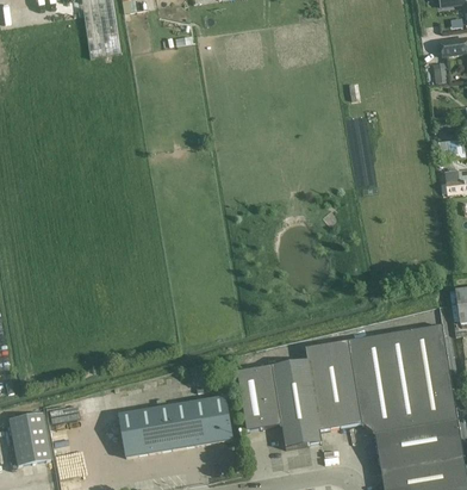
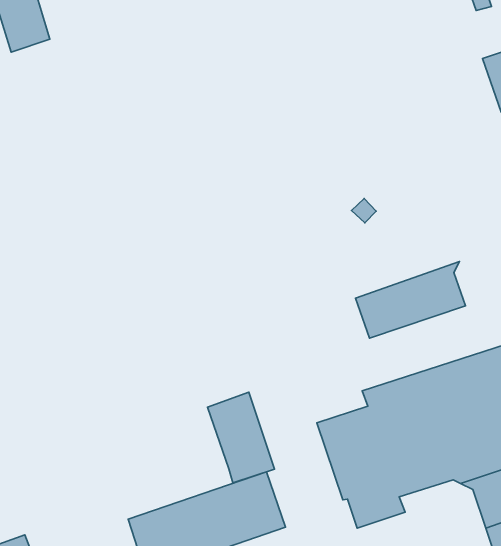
building: none -> [356,261,466,338]
building: [237,365,279,429] -> [207,392,275,483]

